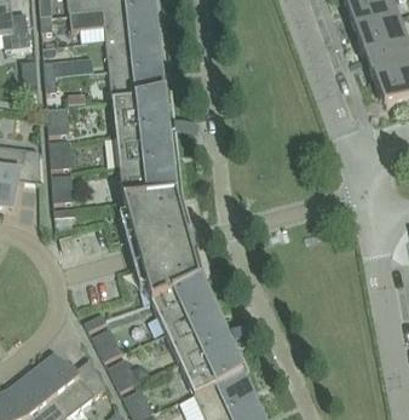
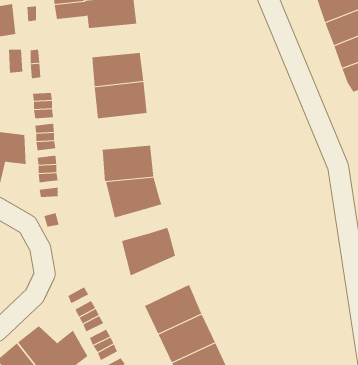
building: [106,34,162,69] -> none
building: [116,128,173,167] -> none
building: [134,225,191,264] -> none
building: [151,280,214,333] -> none

